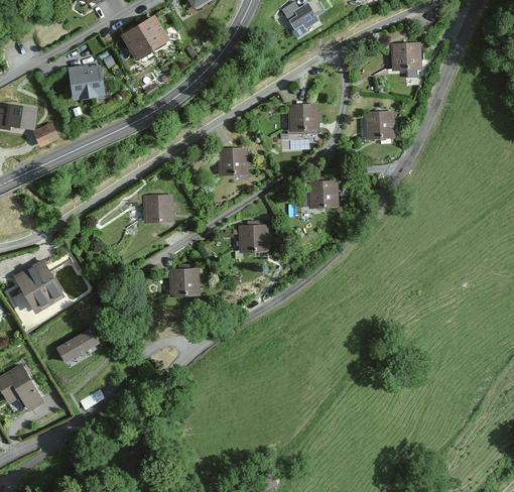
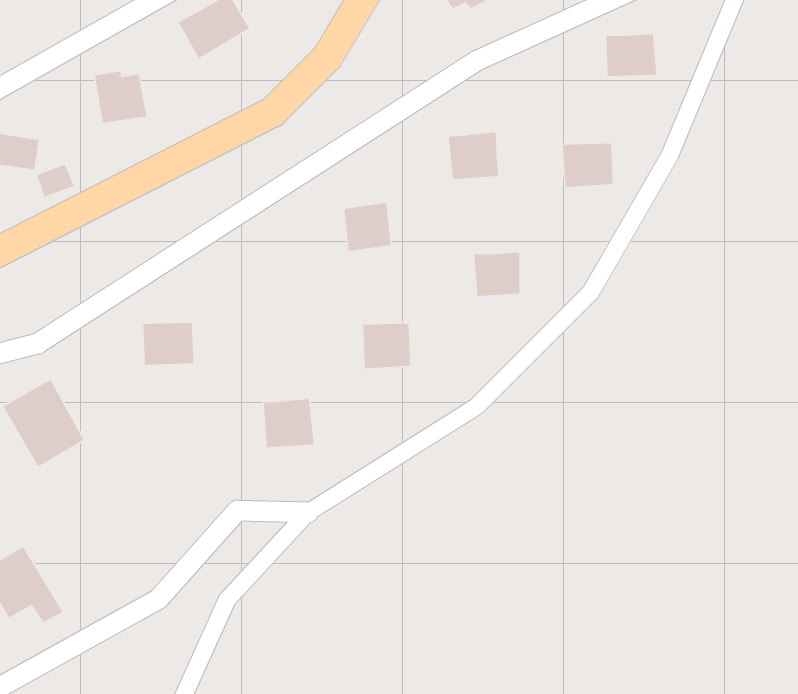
building: [146,196,178,223] -> [143,322,194,365]
building: [53,327,98,364] -> none

